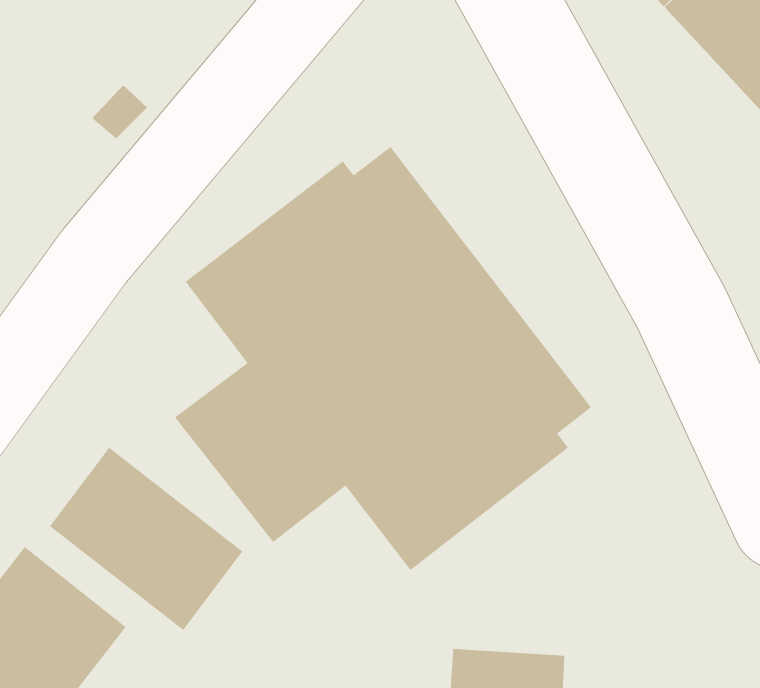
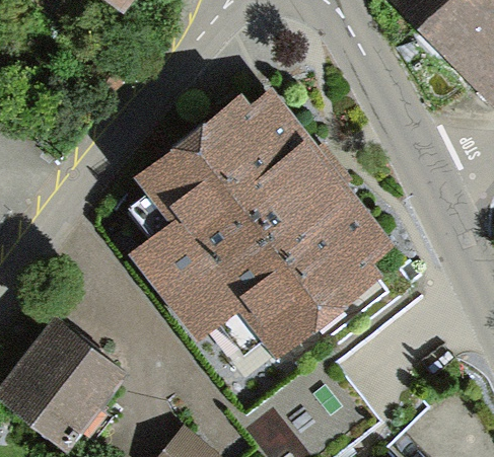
building: [49,447,243,631] -> none

